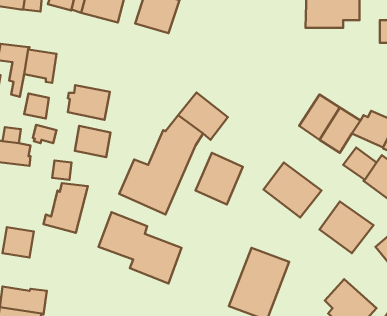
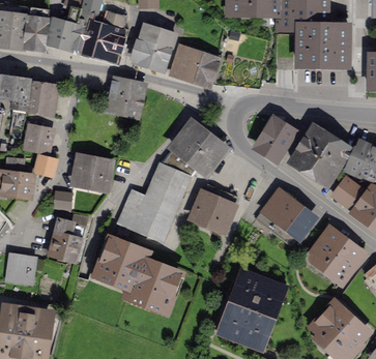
building: none -> [170,47,220,84]
building: [68,85,110,120] -> [105,81,145,114]
building: none -> [257,120,292,157]

